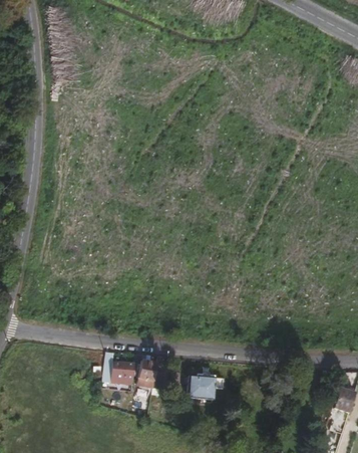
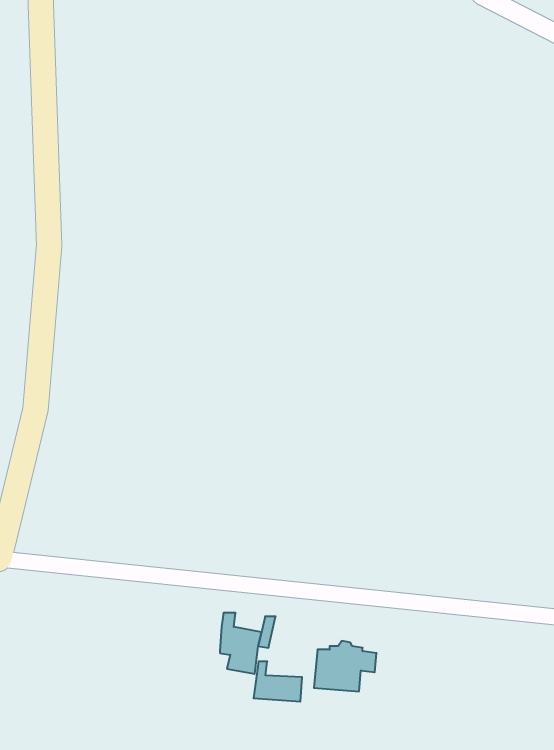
building: [107,354,135,377] -> [253,661,302,702]

